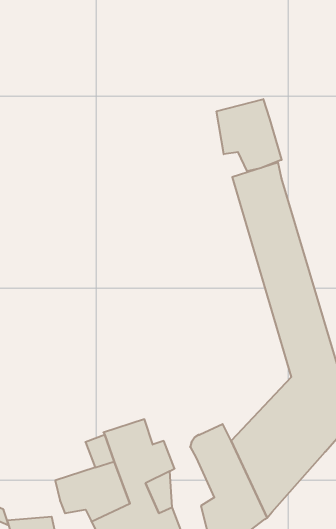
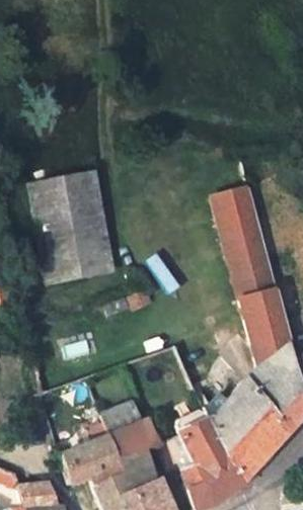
building: [217,99,282,171] -> none
building: none -> [28,172,117,284]

